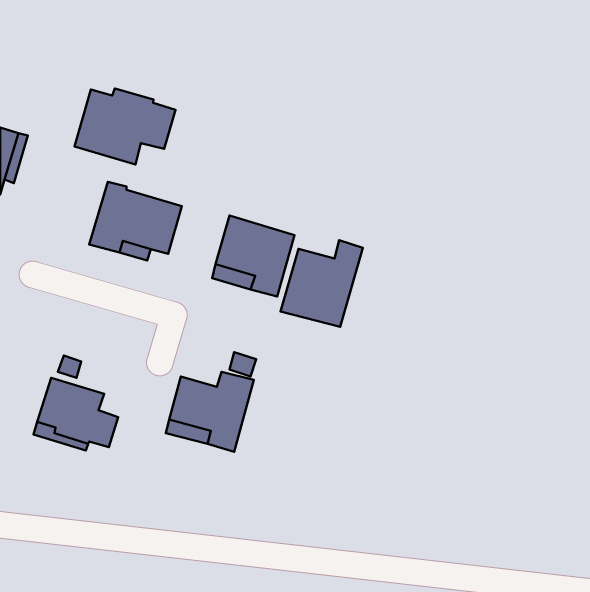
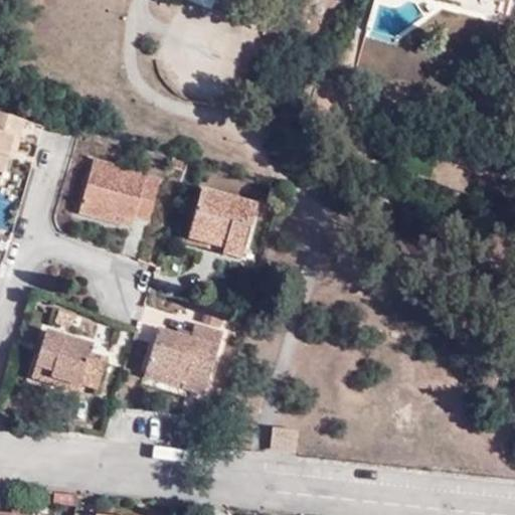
building: [75,88,176,165] -> none
building: [281,240,363,327] -> none

